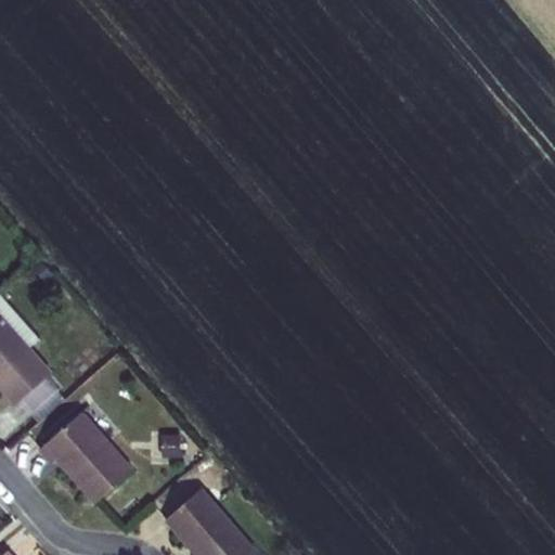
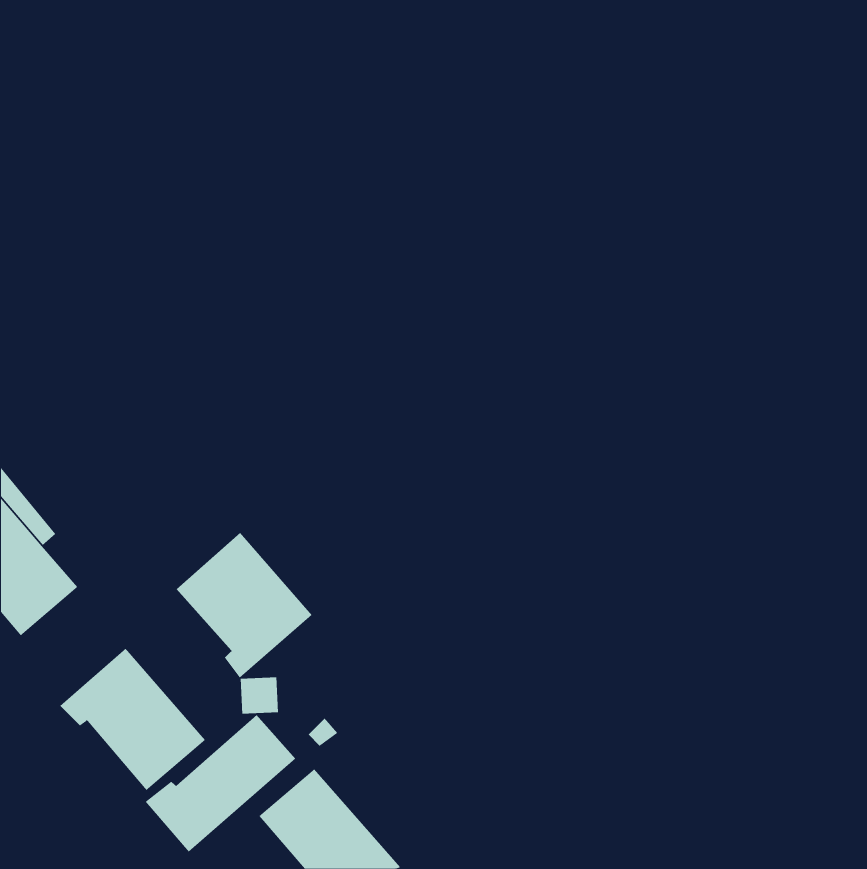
building: none -> [176,532,312,679]
building: none -> [145,714,296,852]

